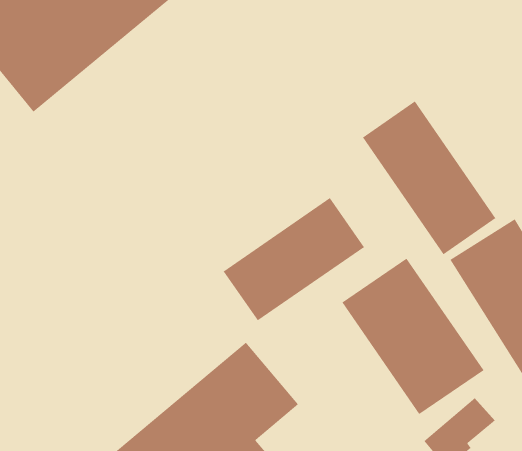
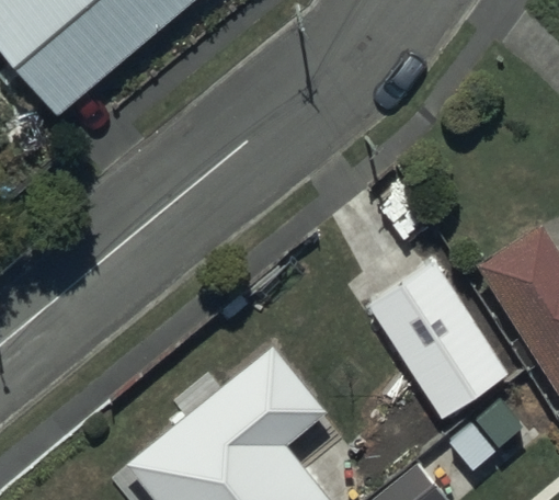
building: [362,100,496,255] -> none
building: [223,197,365,321] -> none

